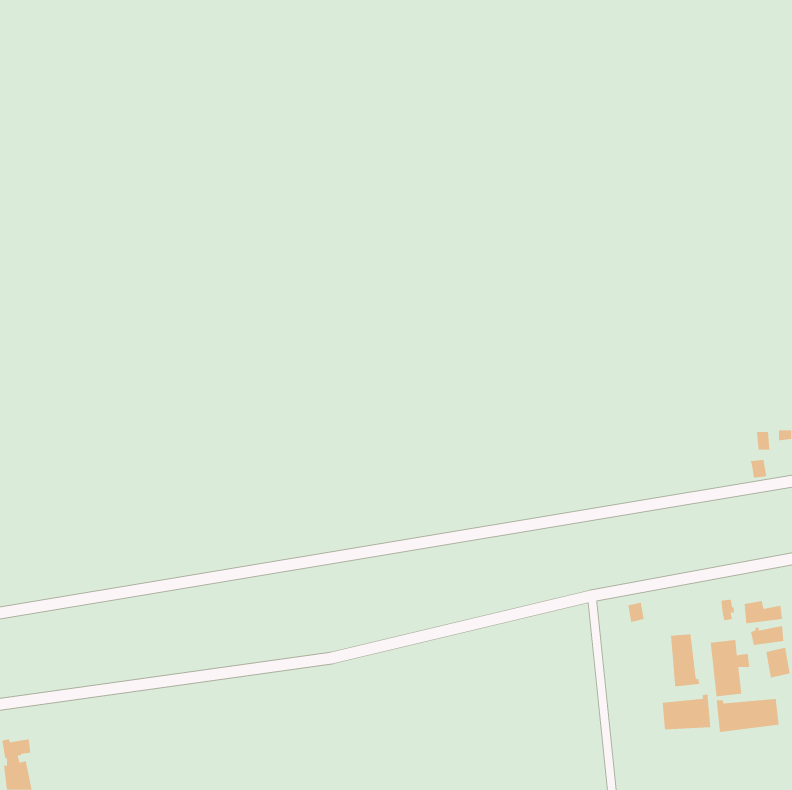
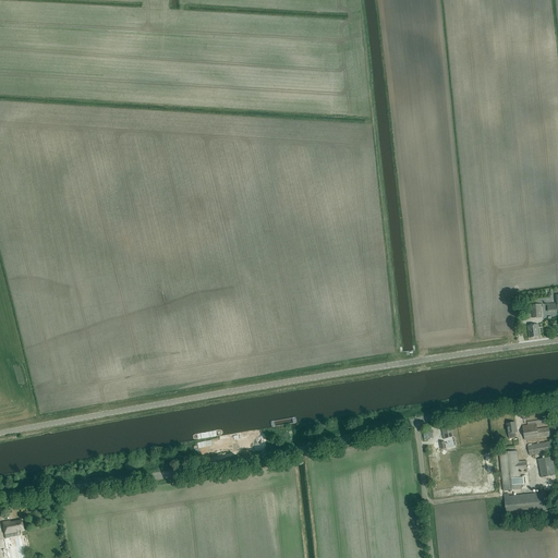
building: [671,633,700,687] -> none
building: [662,694,711,730] -> none

